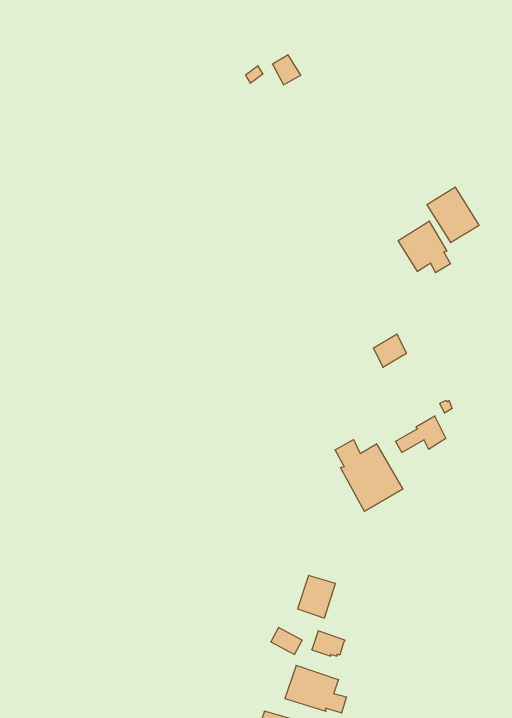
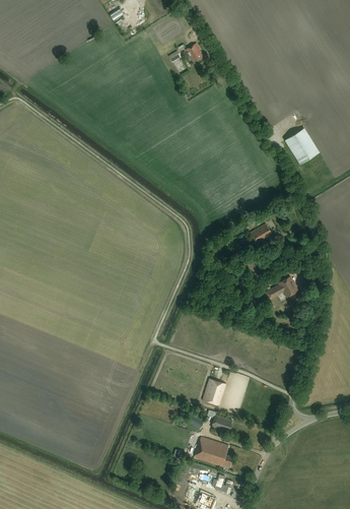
building: [398,221,450,273] -> none
building: [335,440,403,511] -> none

